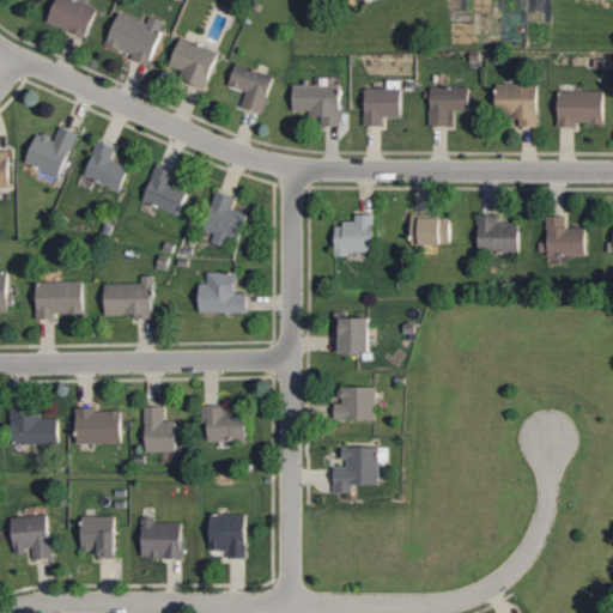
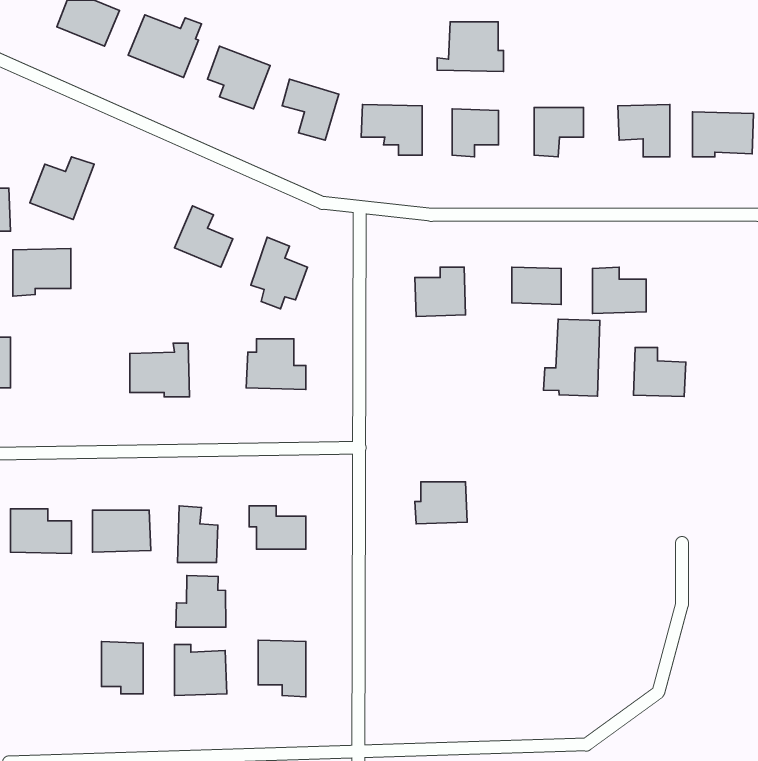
building: none -> [437,22,504,72]
building: [83,141,127,190] -> none
building: [545,217,587,256] -> [634,347,686,397]
building: none -> [544,319,600,396]
building: [36,281,83,320] -> [13,248,71,296]
building: [332,312,370,356] -> none
building: [333,448,378,494] -> none
building: none -> [176,575,226,627]
building: [8,515,50,560] -> none

